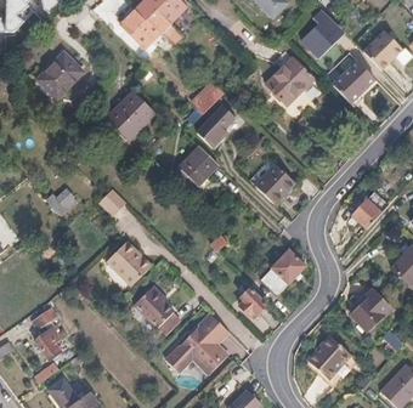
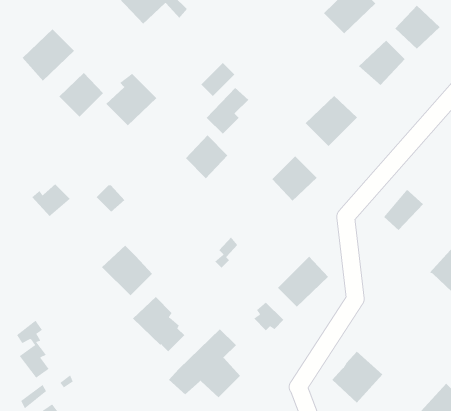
building: [264,58,310,103] -> [305,95,358,147]
building: none -> [58,72,104,118]
building: [350,287,390,328] -> none

